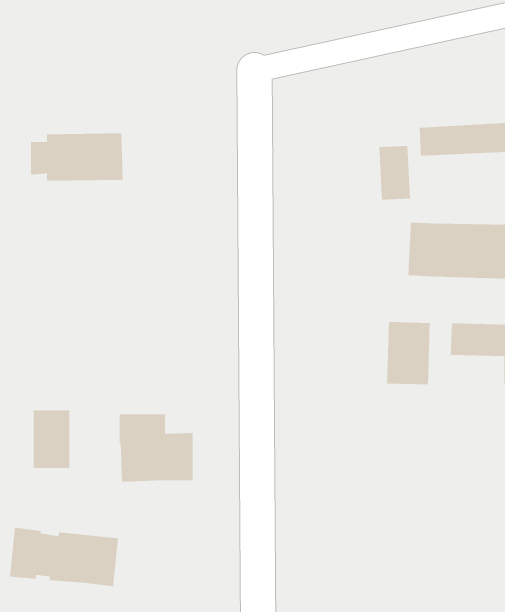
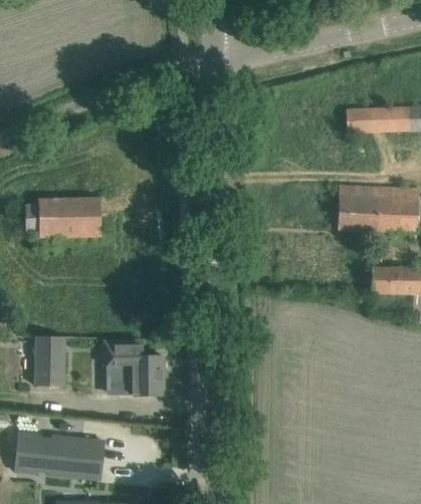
building: [30,133,123,181] -> [25,198,100,237]
building: [379,145,410,200] -> none
building: [387,321,430,385] -> none

